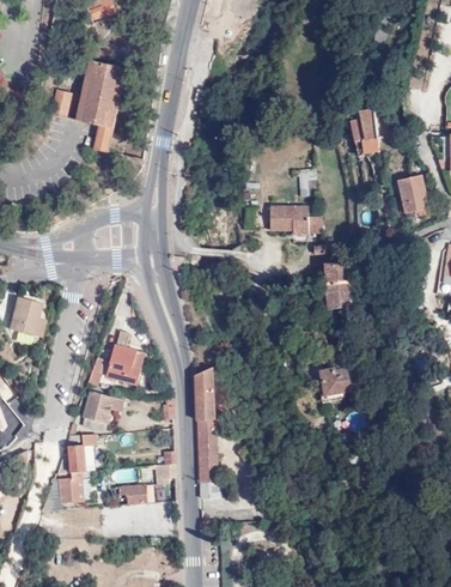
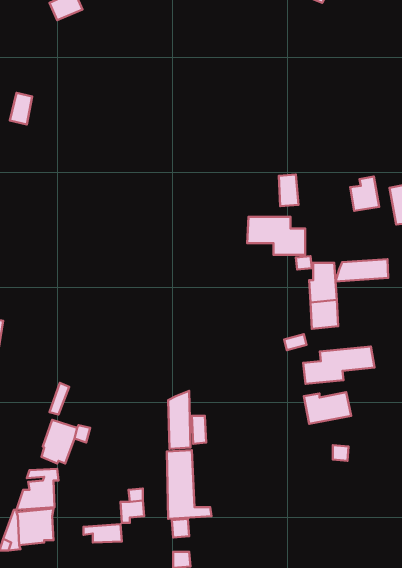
building: [79,65,129,157] -> none
building: [351,108,377,139] -> [350,176,379,211]
building: none -> [335,259,388,282]
building: none -> [303,347,374,384]
building: [105,329,147,385] -> none

